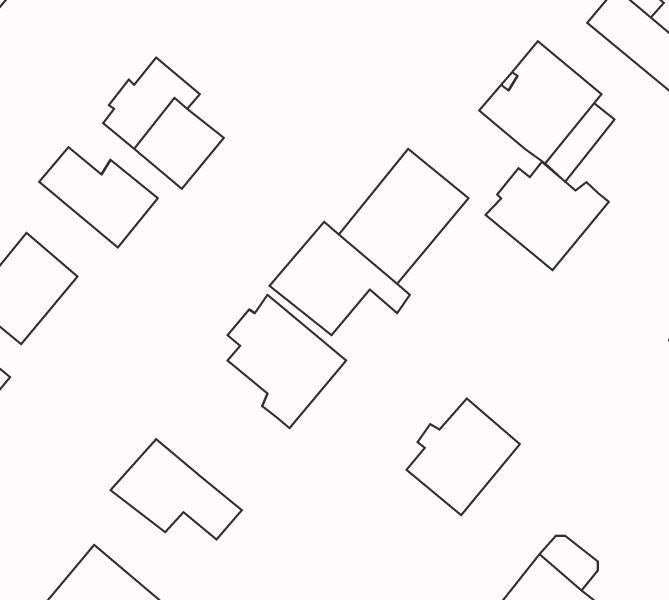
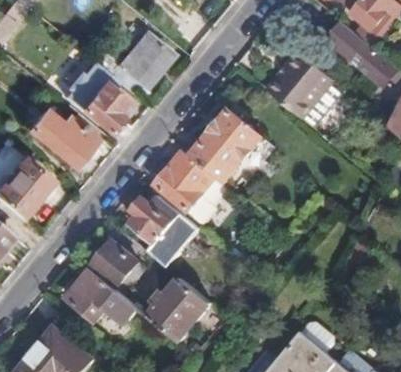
building: none -> [121,37,166,82]
building: [486,162,609,270] -> none
building: none -> [91,239,144,294]
building: [407,398,520,515] -> [147,277,209,341]

